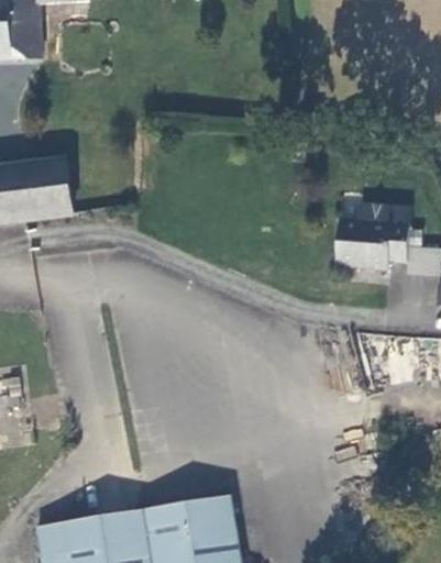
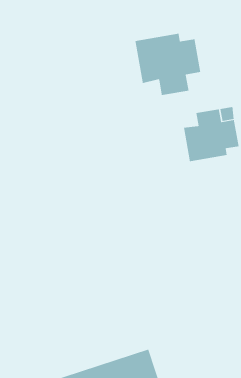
building: none -> [135,33,201,96]

